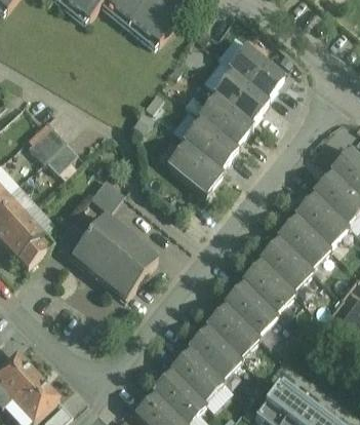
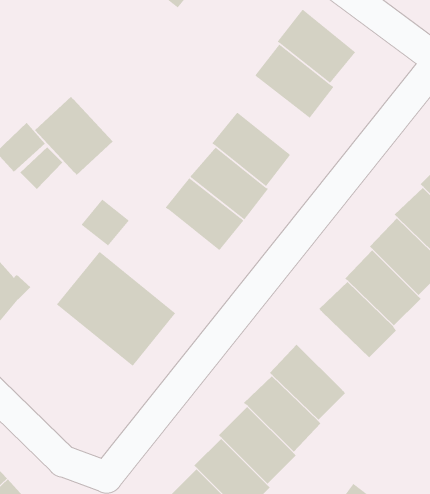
building: [197,91,253,144] -> [164,177,244,251]
building: none -> [34,96,113,176]
building: [240,257,295,312] -> none

